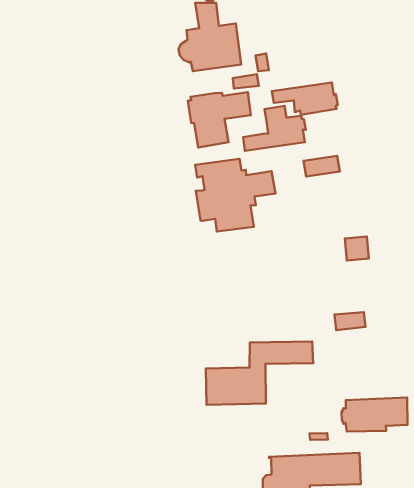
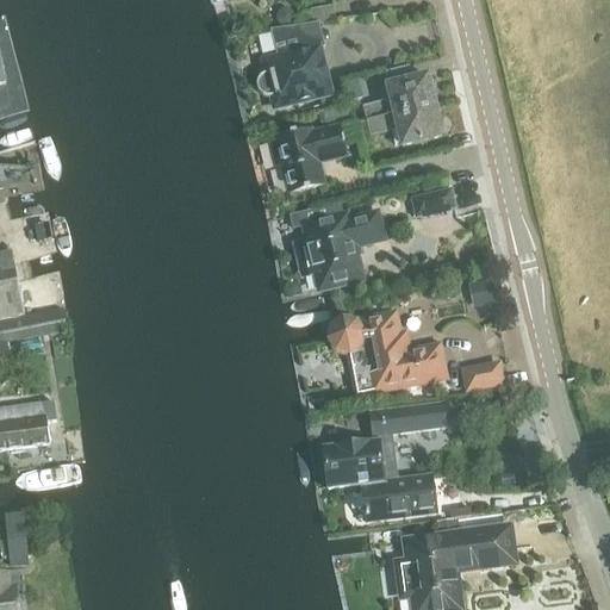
building: [243,106,306,151] -> [365,64,436,120]
building: none -> [326,312,444,393]
building: [341,398,408,431] -> [357,474,435,519]

